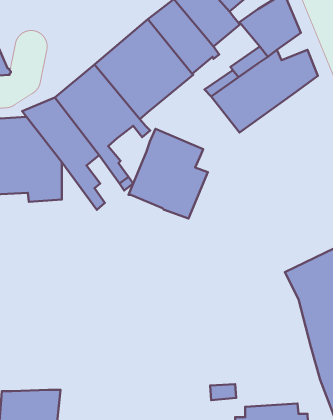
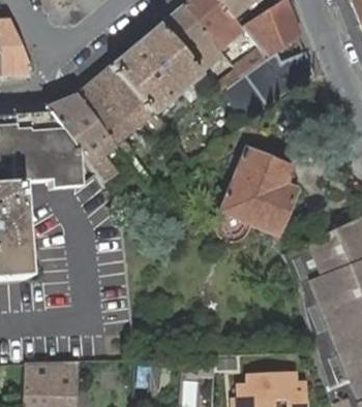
building: [128,129,208,218] -> [221,153,294,234]

